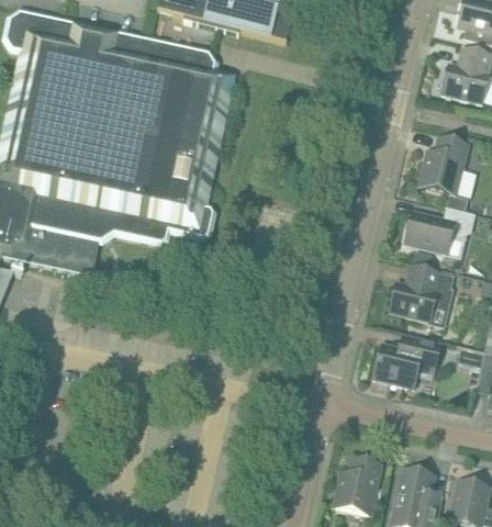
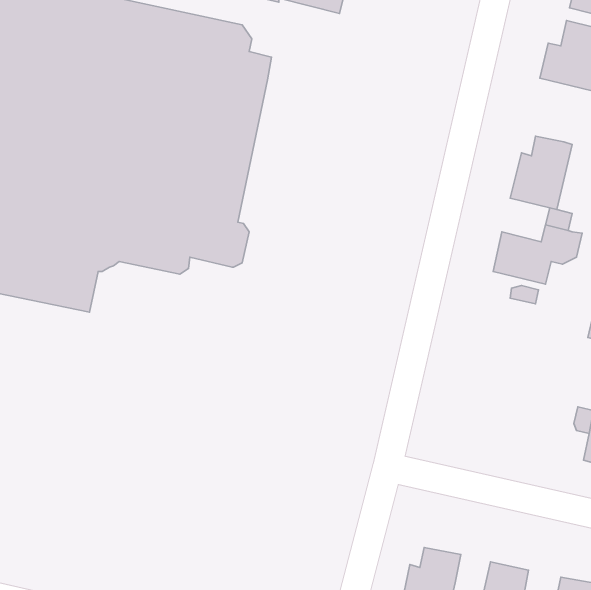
building: [390,265,455,319] -> none
building: [373,337,440,385] -> none

